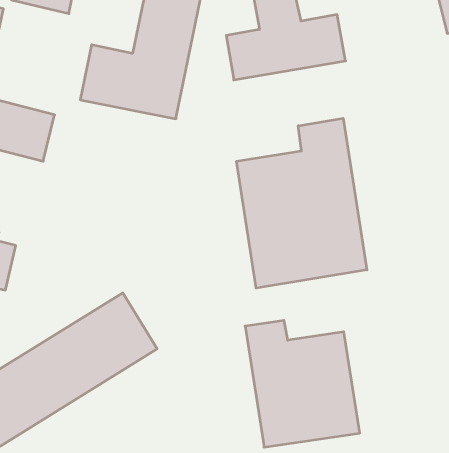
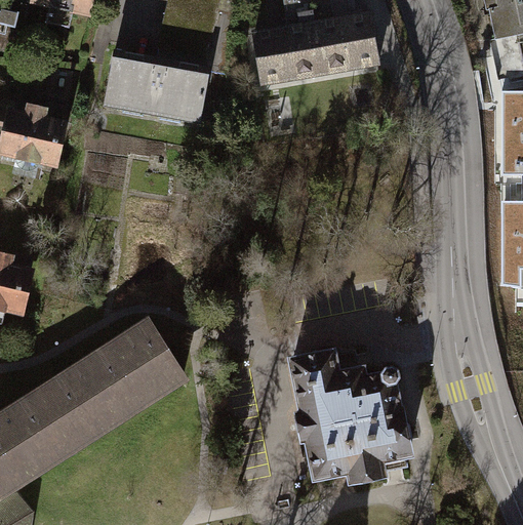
building: [237,118,367,288] -> none

